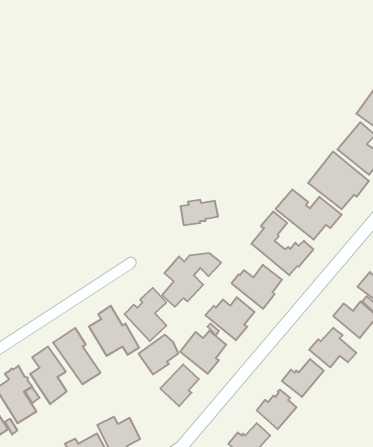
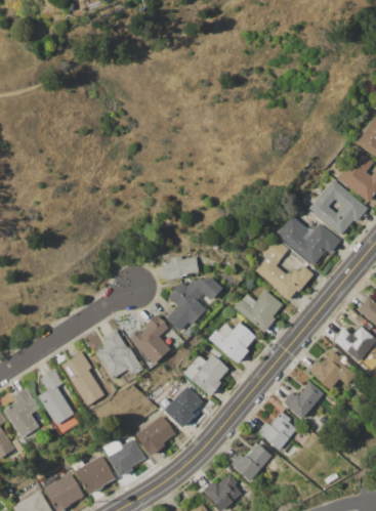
building: [180,200,218,225] -> [162,256,199,281]
building: [139,335,178,374] -> [135,417,174,456]

